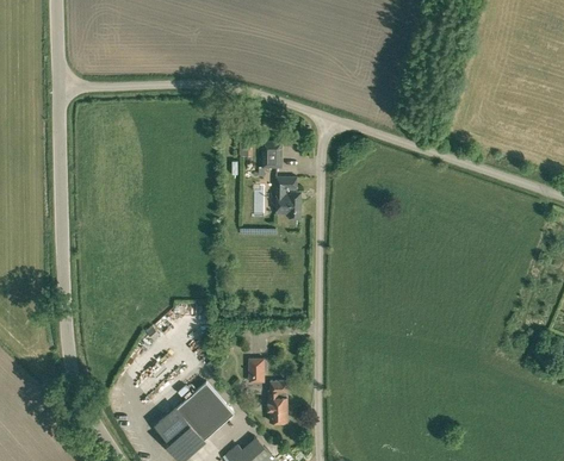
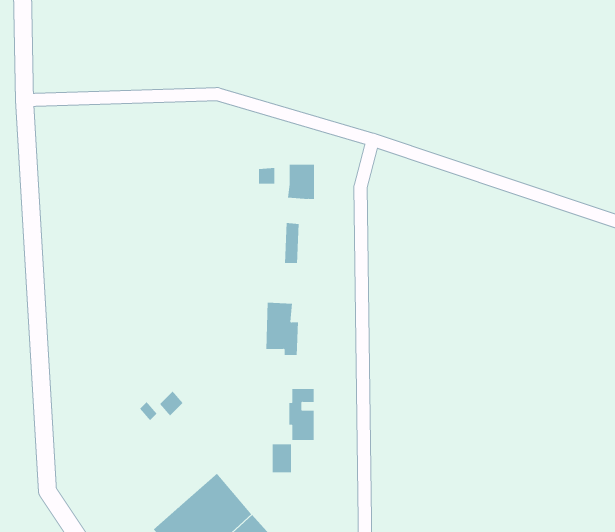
building: [274,177,300,219] -> [265,302,299,355]
building: [266,382,286,423] -> [289,389,314,441]

